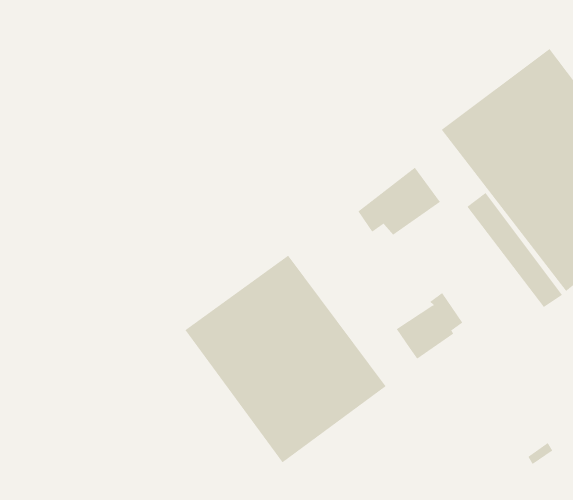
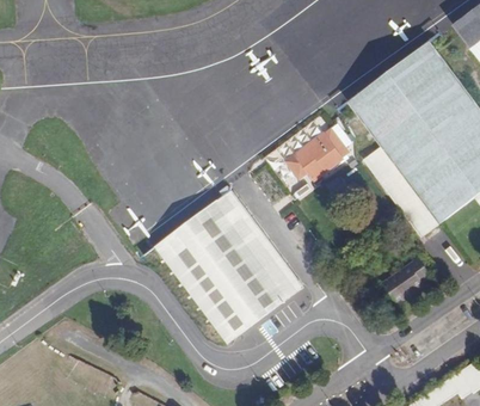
building: [396,292,463,359] -> [382,254,432,304]

